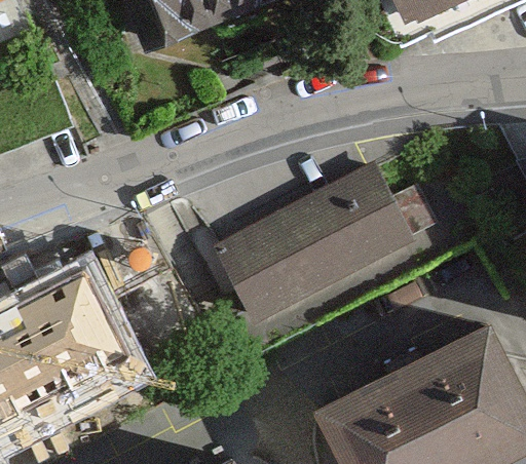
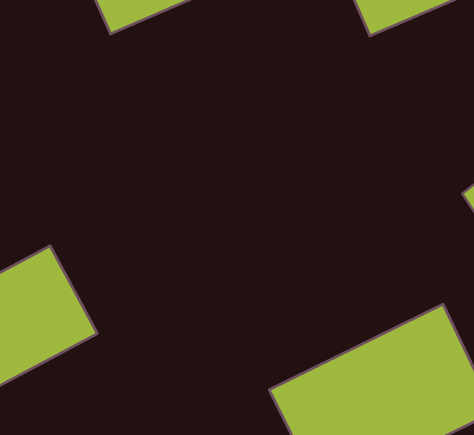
building: [218,164,423,323] -> none

